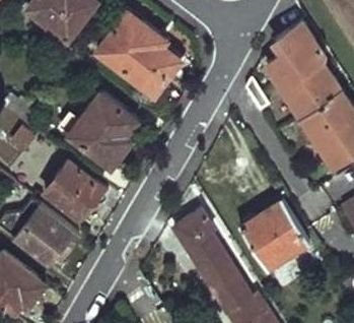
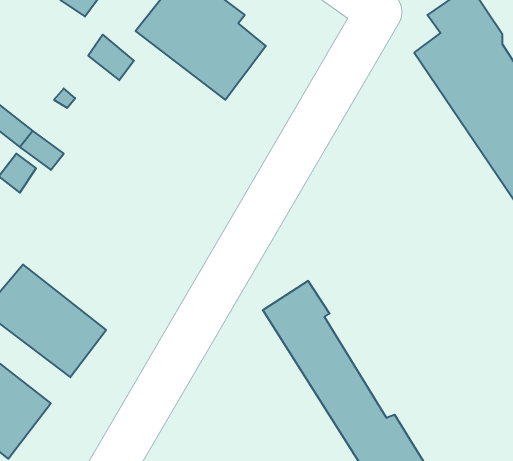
building: [66,95,140,169] -> none
building: [44,164,104,223] -> none
building: [240,199,310,269] -> none

